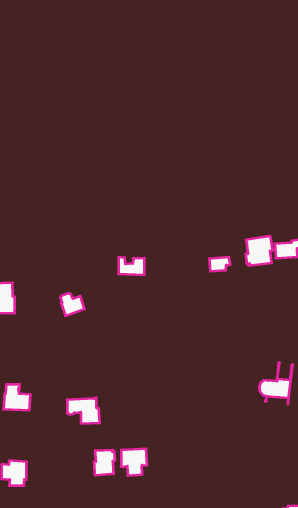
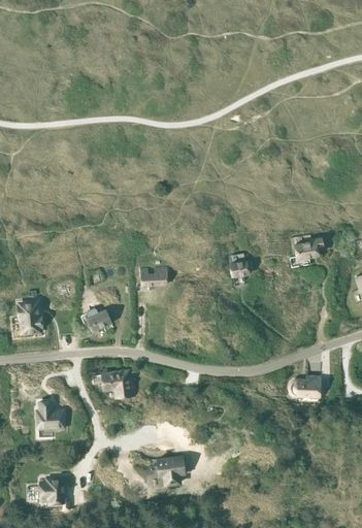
building: [246,236,272,266] -> none
building: [67,398,100,424] -> [102,370,136,397]
building: [94,450,115,475] -> none

